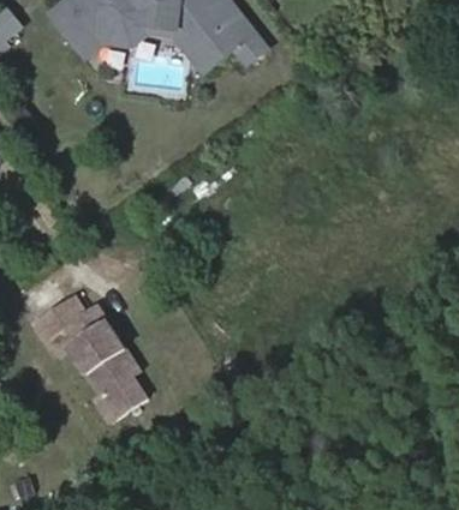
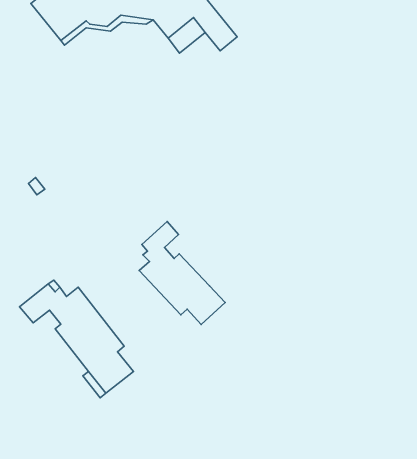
building: none -> [139,221,225,325]

